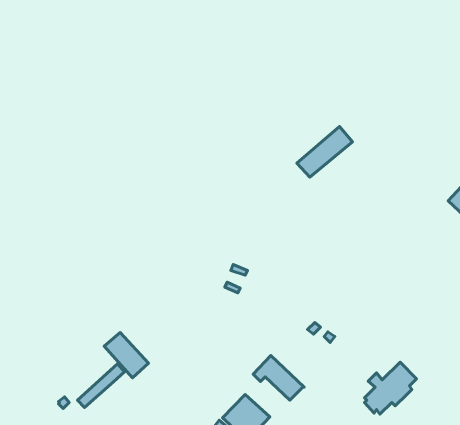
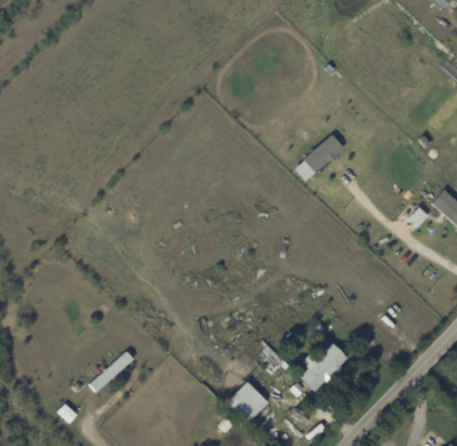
building: [104,333,148,378] -> none
building: [365,362,417,414] -> [302,343,350,391]

